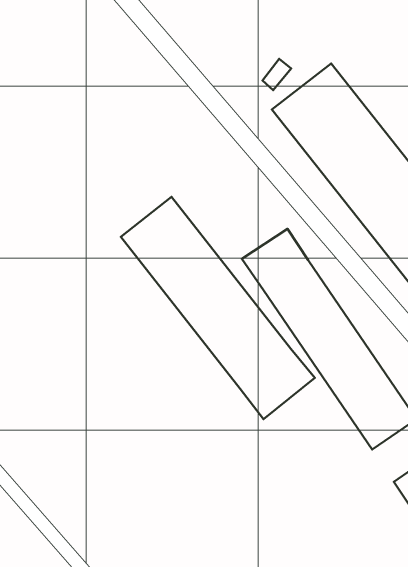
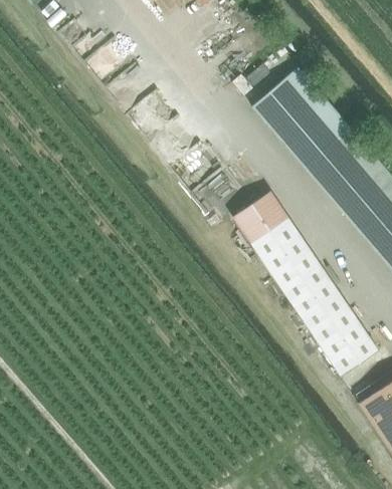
building: [121,197,315,419] -> none

